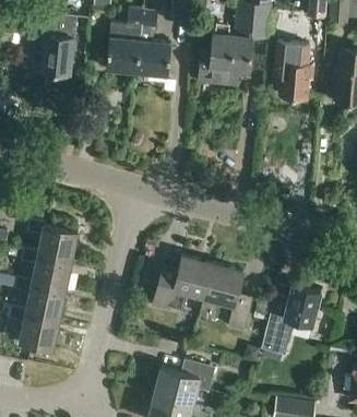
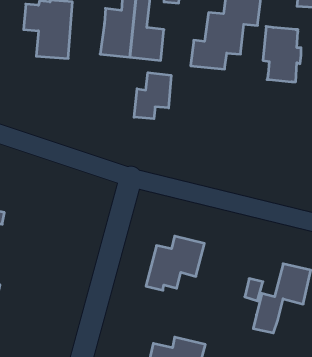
building: none -> [134,73,171,119]
building: [9,217,78,348] -> none
building: [200,263,254,331] -> none

